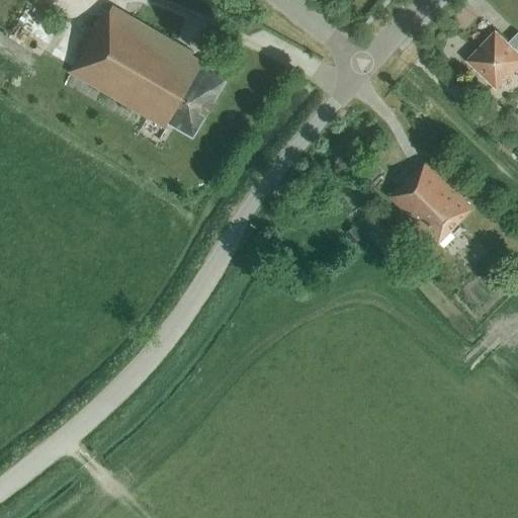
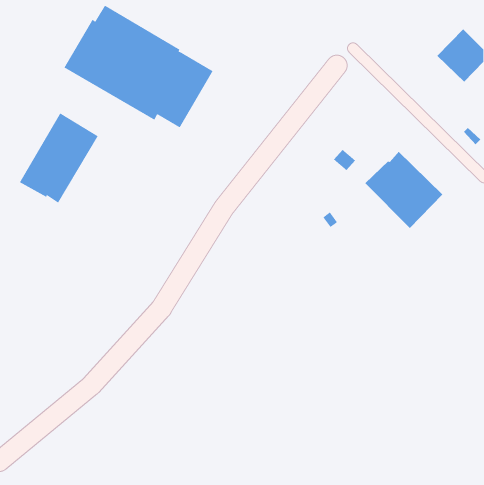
building: none -> [19,112,99,203]

